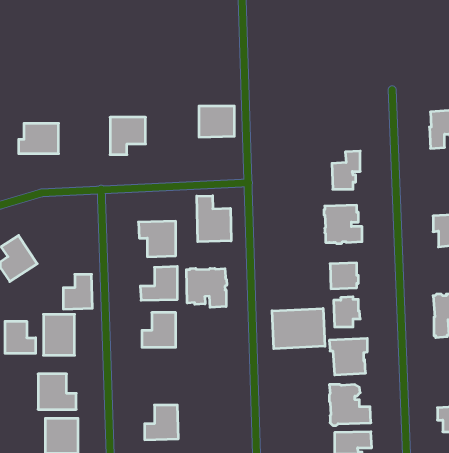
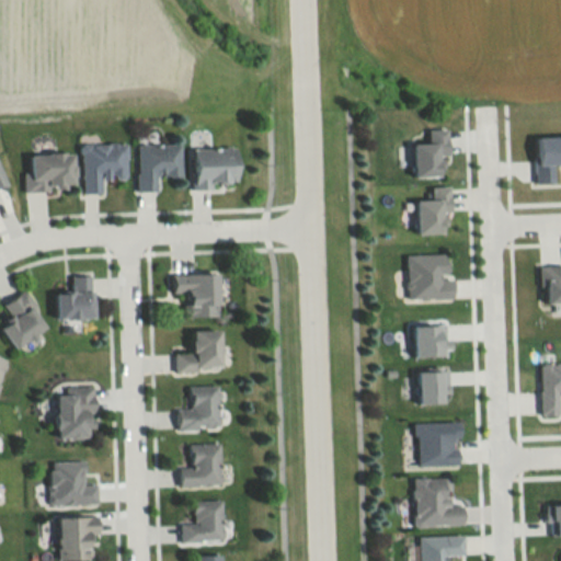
building: none -> [413,130,448,179]
building: [199,106,234,137] -> [197,149,241,187]
building: none -> [87,145,130,194]
building: [197,196,231,242] -> none
building: [186,268,227,307] -> none
building: [63,274,92,309] -> [60,276,96,319]
building: [272,308,325,349] -> none
building: [5,321,36,353] -> none
building: none -> [183,444,224,486]

